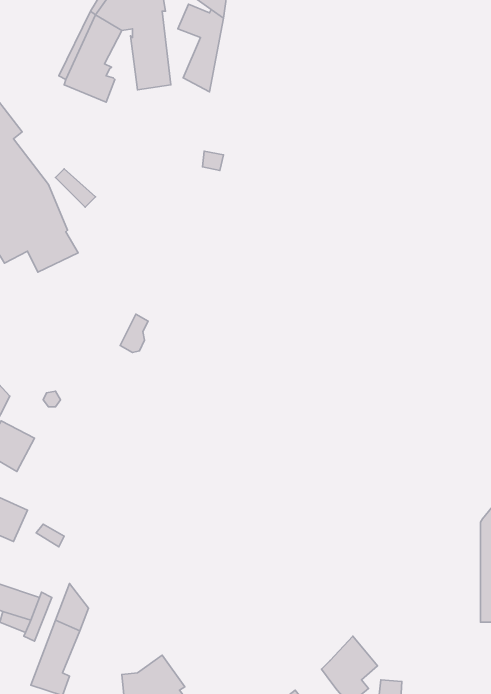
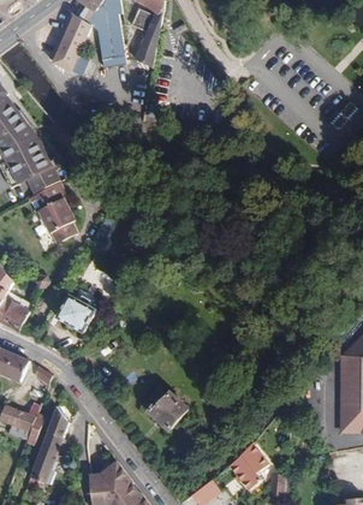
building: none -> [26,183,73,244]
building: none -> [55,291,96,334]
building: none -> [145,385,191,429]

